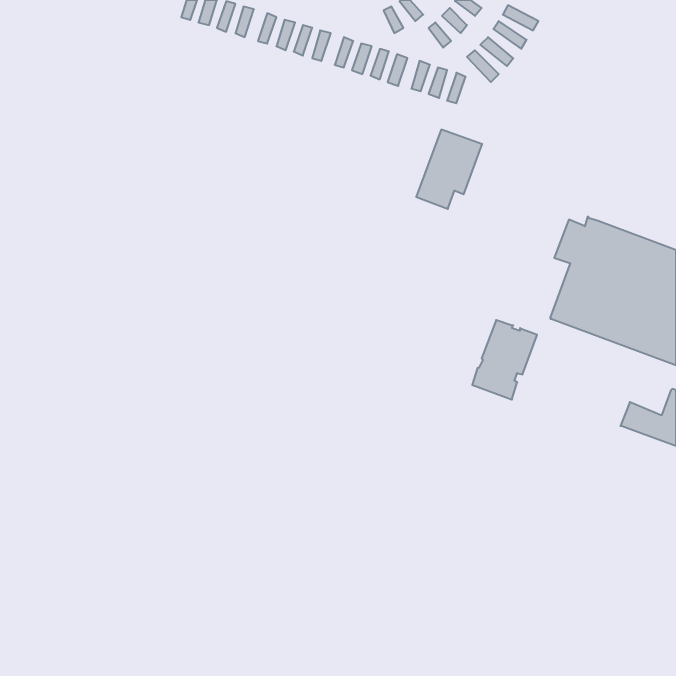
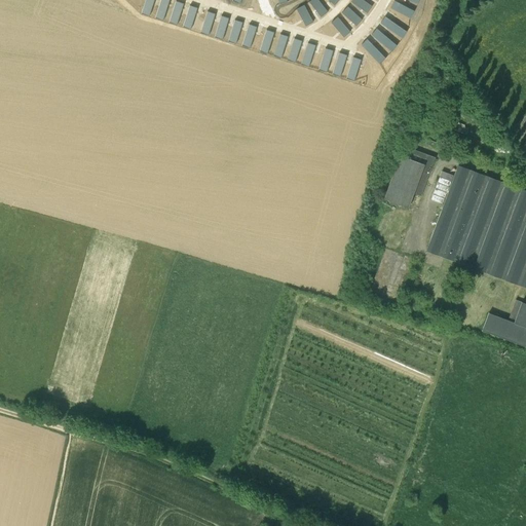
building: [416,130,482,209] -> [384,146,436,208]

